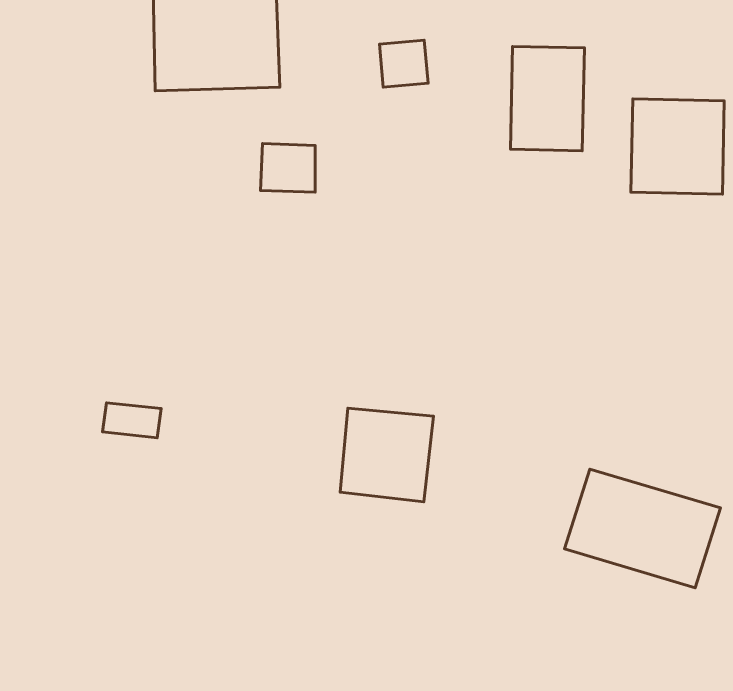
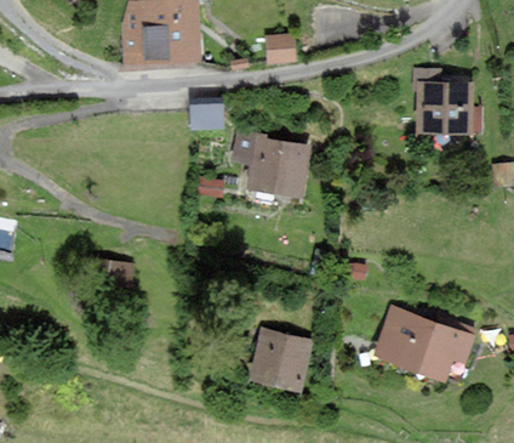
building: [510,46,584,151] -> none
building: none -> [246,137,310,198]
building: [340,408,434,502] -> [252,329,310,387]

